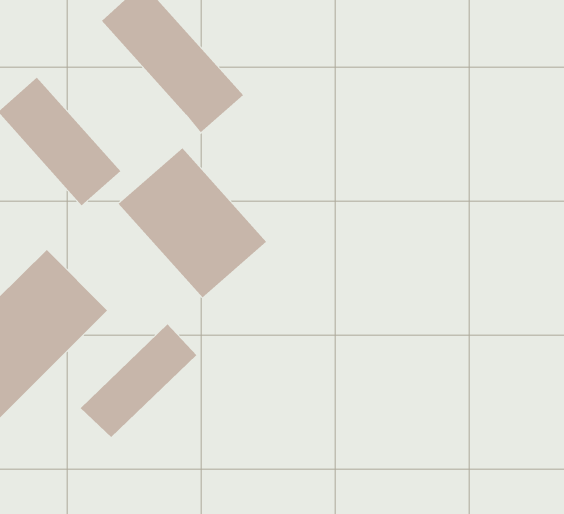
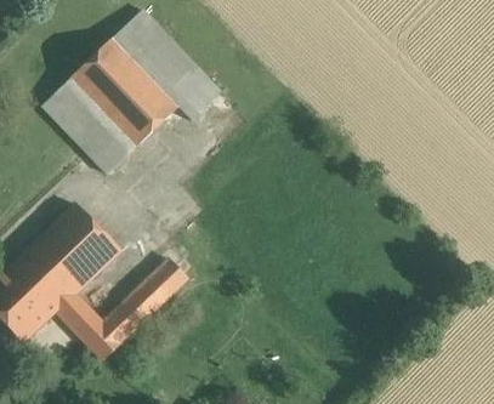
building: [118,147,267,298] -> [69,36,178,147]
building: none -> [56,295,124,362]

